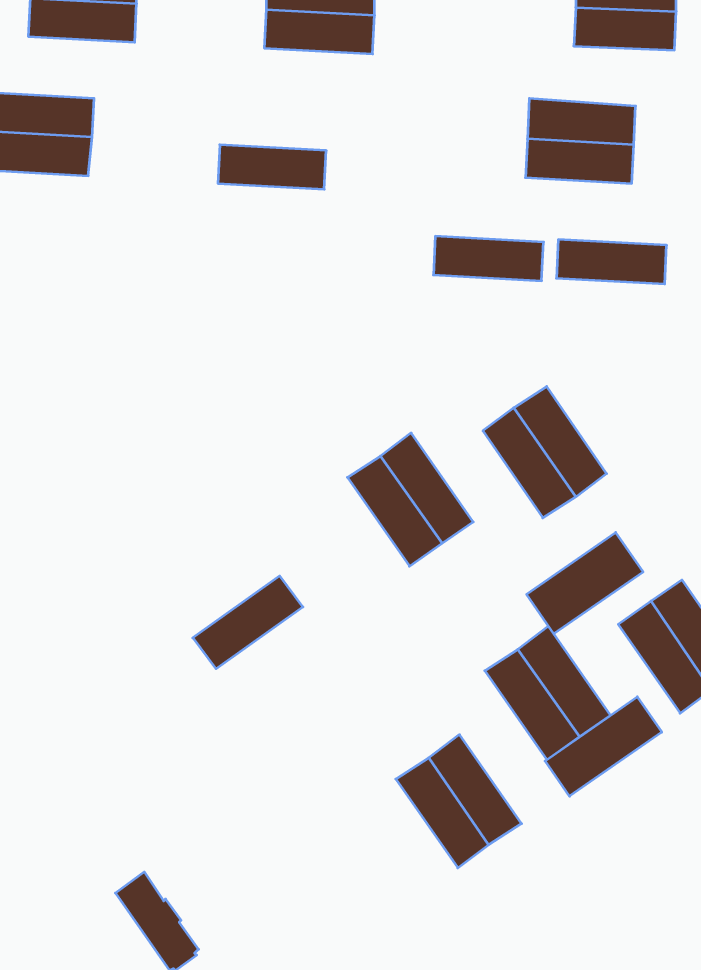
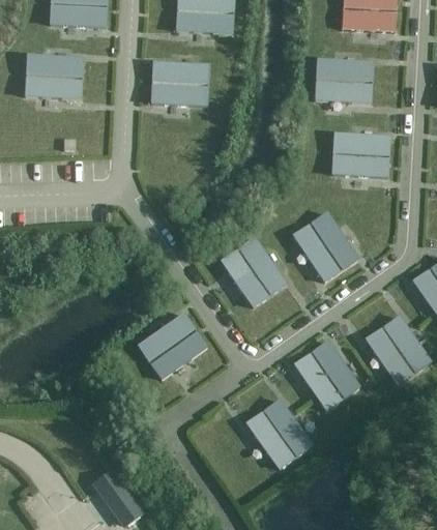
building: none -> [152,61,210,85]
building: [433,236,544,281] -> [331,153,390,177]
building: [527,532,643,634] -> none
building: none -> [150,329,209,380]
building: [545,697,662,796] -> none

